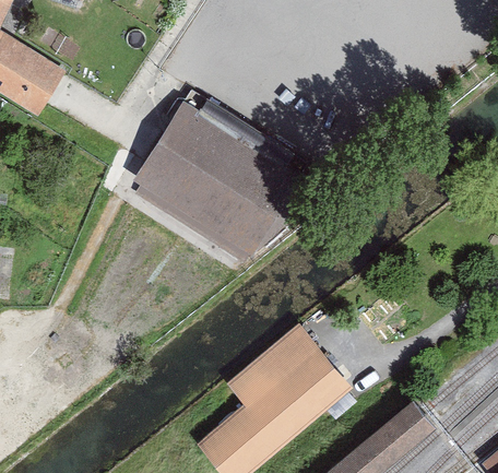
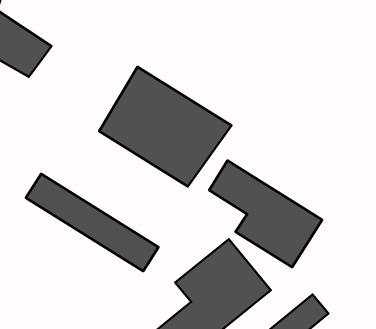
building: none -> [209,161,322,267]
building: none -> [26,174,159,271]

